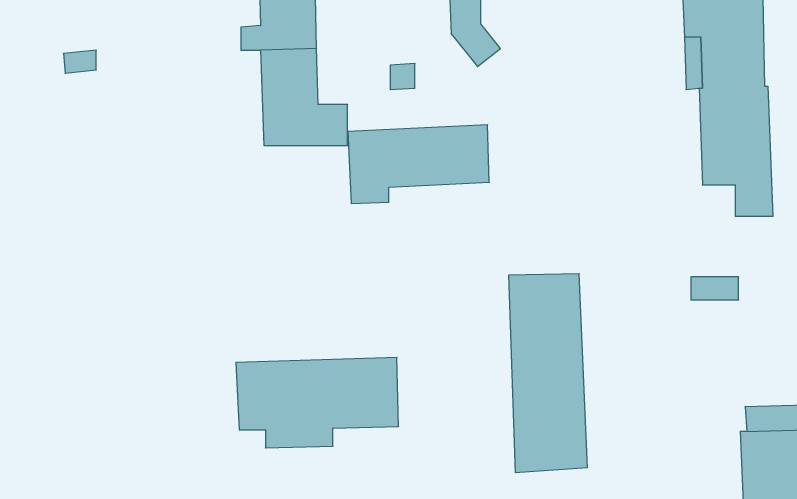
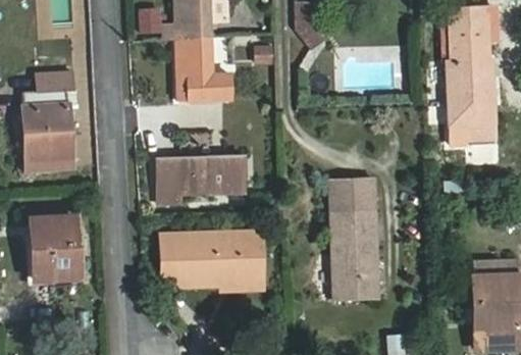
building: none -> [23,71,73,167]
building: [348,125,489,204] -> [157,155,245,204]
building: none -> [31,216,79,280]

